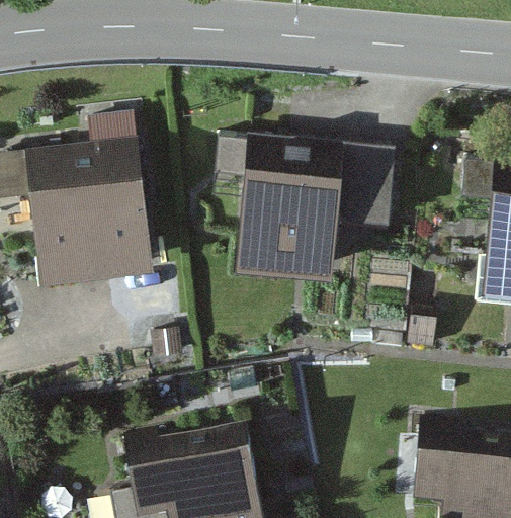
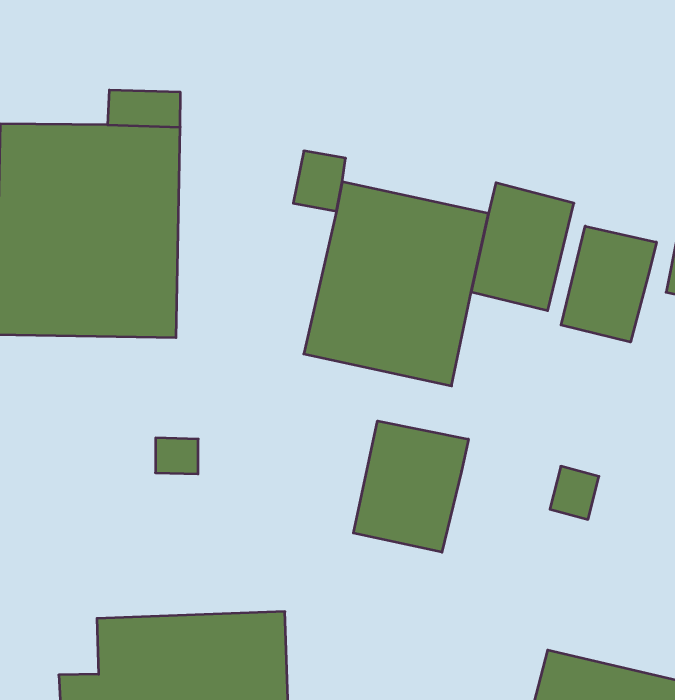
building: none -> [561,226,656,342]
building: none -> [353,421,468,552]

